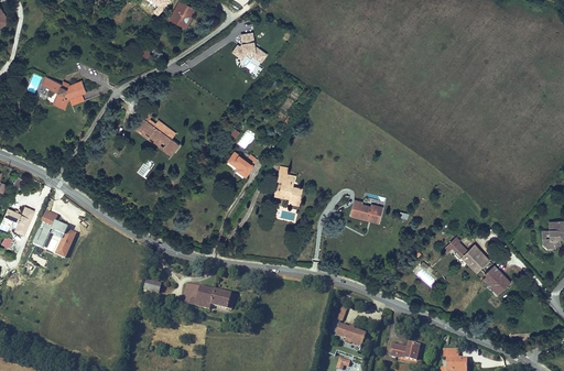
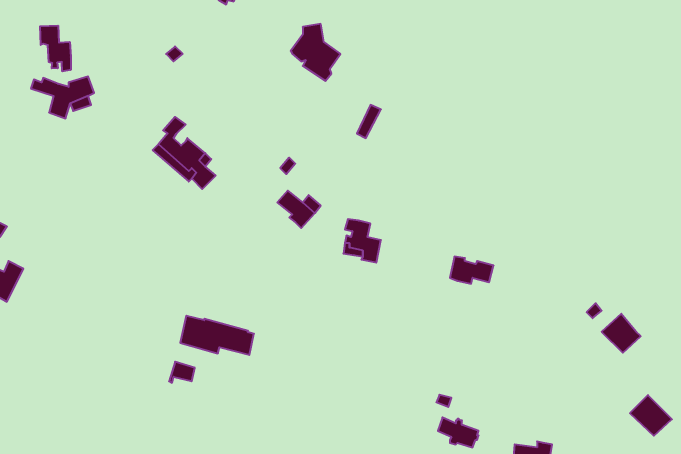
building: none -> [40,26,71,71]
building: [33,211,77,259] -> none
building: [480,266,511,296] -> [630,395,672,436]
building: [182,283,236,312] -> [180,316,254,355]

